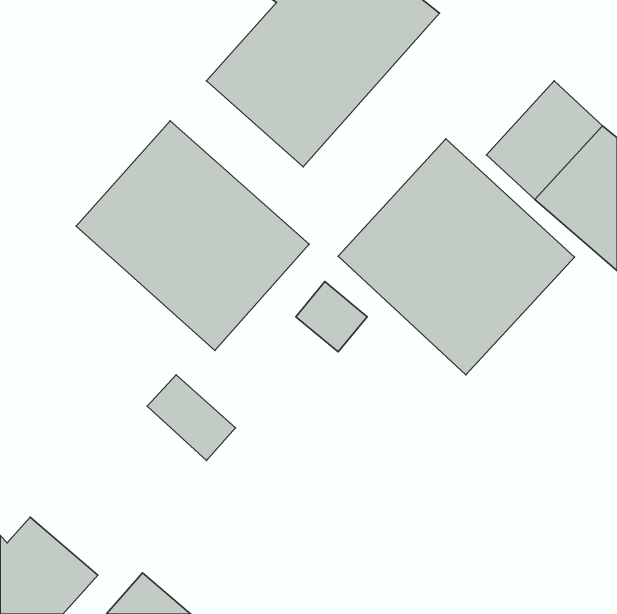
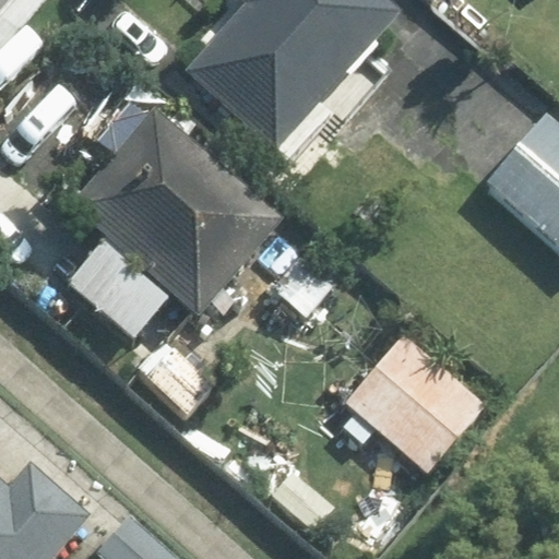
building: [338,139,575,375] -> none
building: none -> [343,335,484,474]

